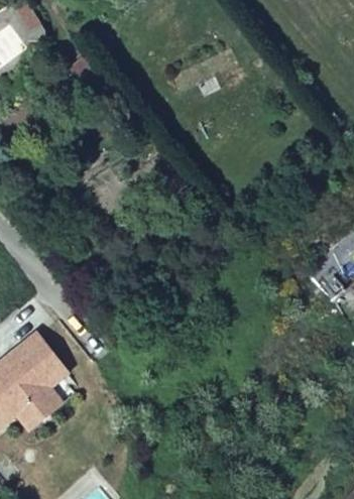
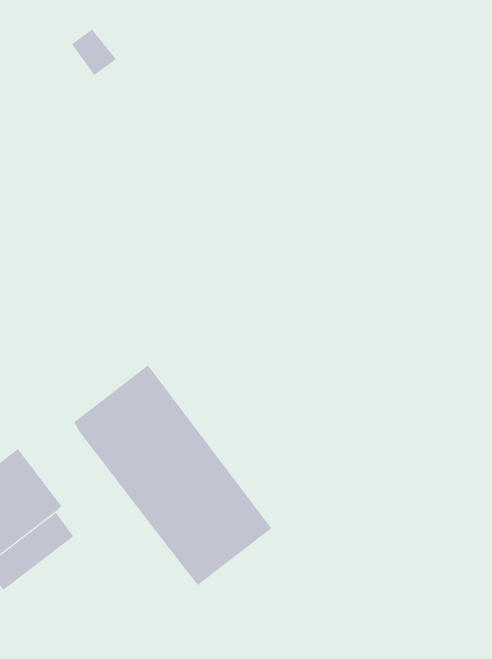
building: none -> [73,364,272,586]

